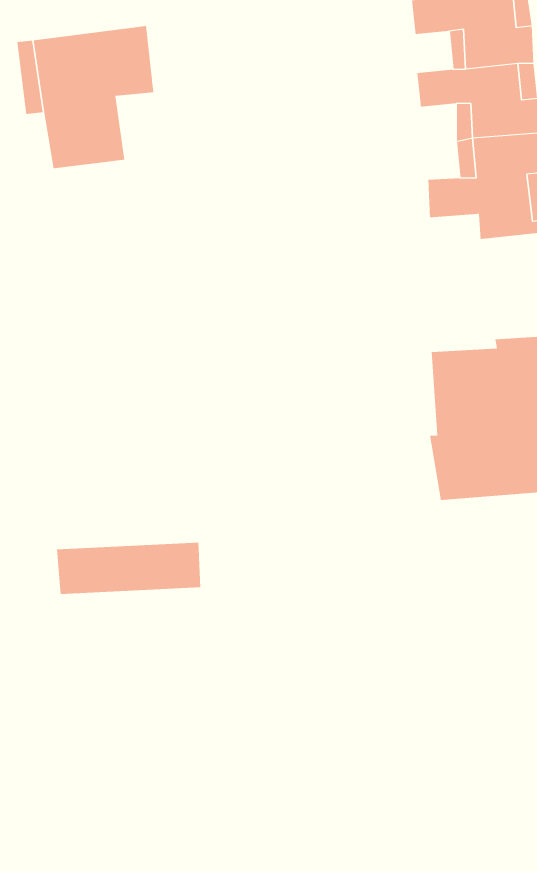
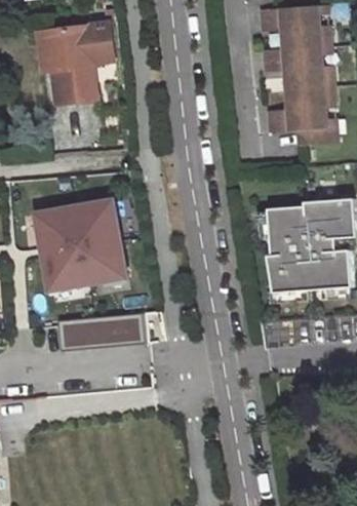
building: none -> [33,196,130,293]

